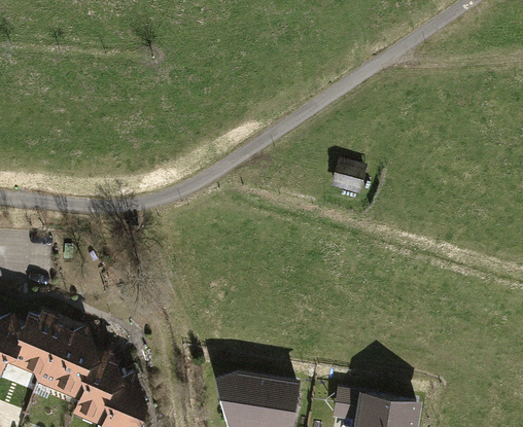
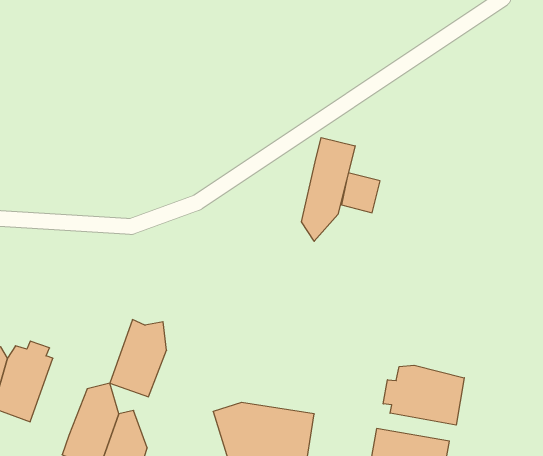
building: none -> [302,138,355,241]
building: [43,327,95,397] -> [110,320,167,397]
building: none -> [383,365,464,425]

